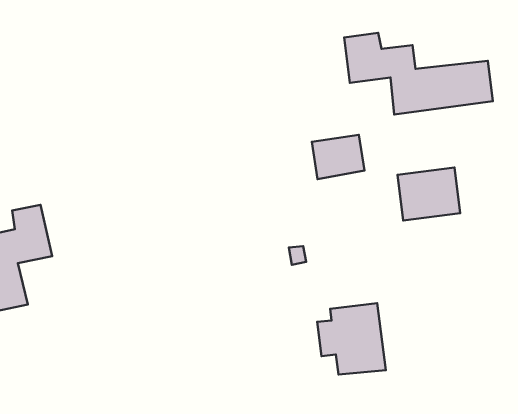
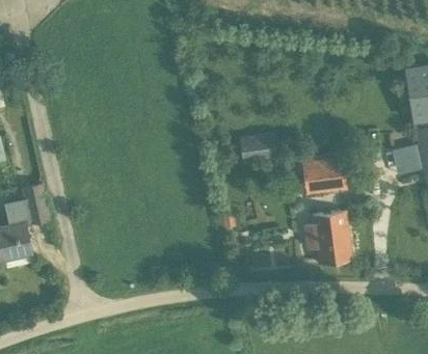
building: [344,33,493,114] -> none
building: [317,303,386,375] -> [302,211,352,263]

